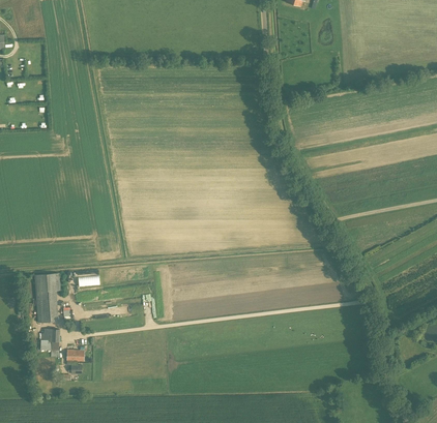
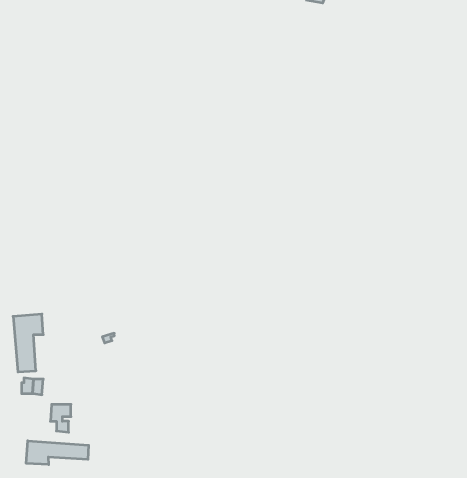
building: none -> [26,441,89,465]

